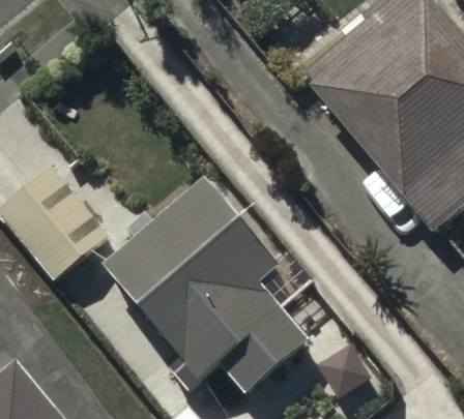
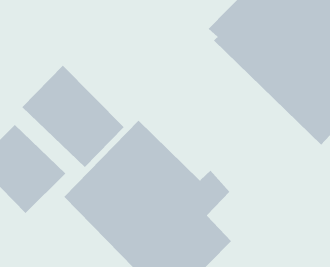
building: none -> [21,65,124,168]

